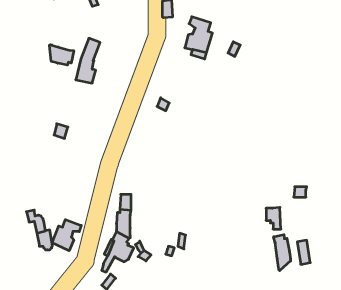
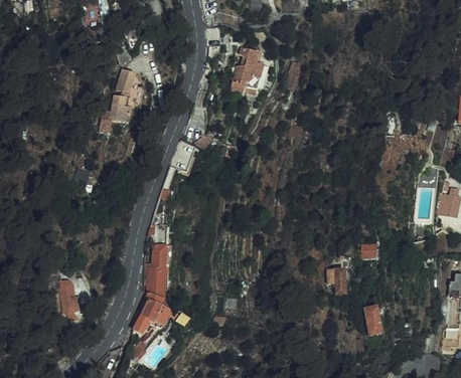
building: [49,45,74,65] -> none
building: [52,220,81,251] -> none
building: [274,235,291,271] -> none

